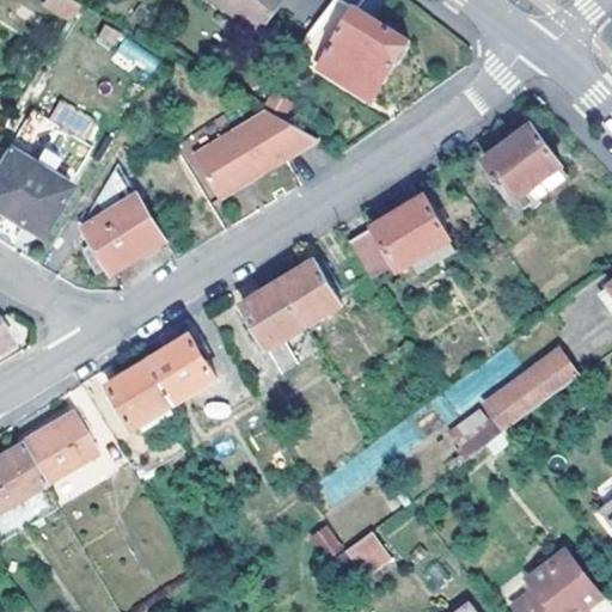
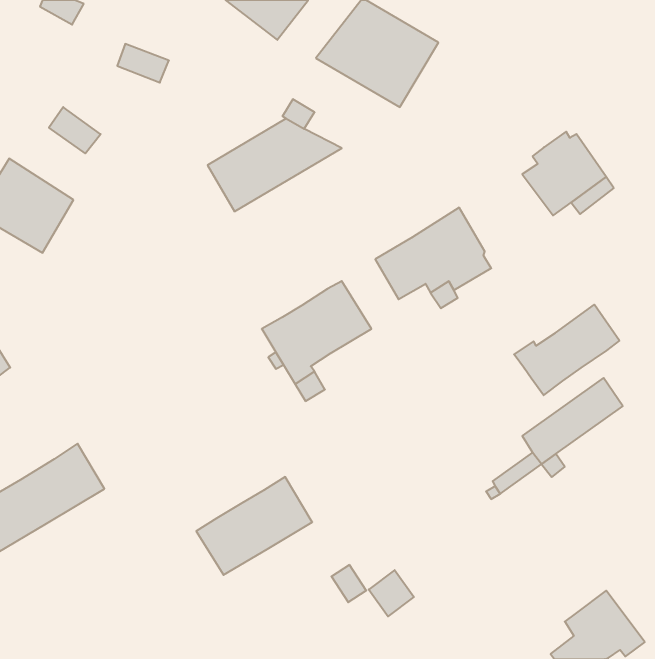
building: [79,160,164,273] -> none
building: none -> [514,305,619,395]
building: [110,337,218,428] -> [196,477,312,575]

